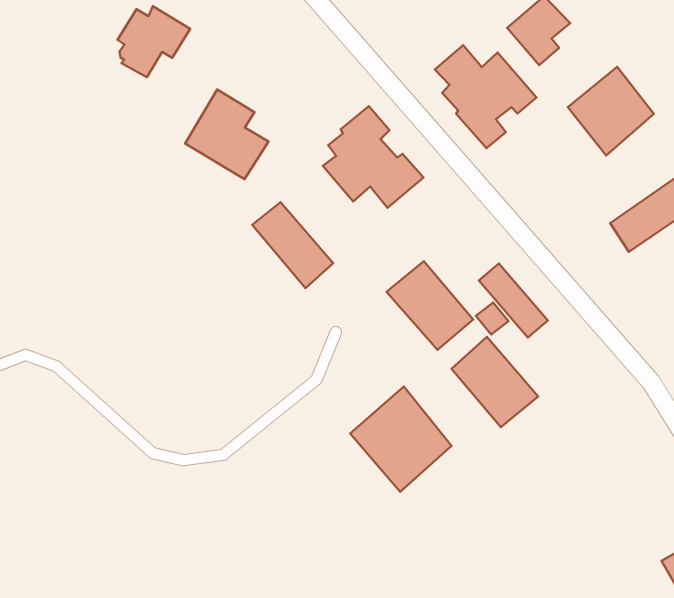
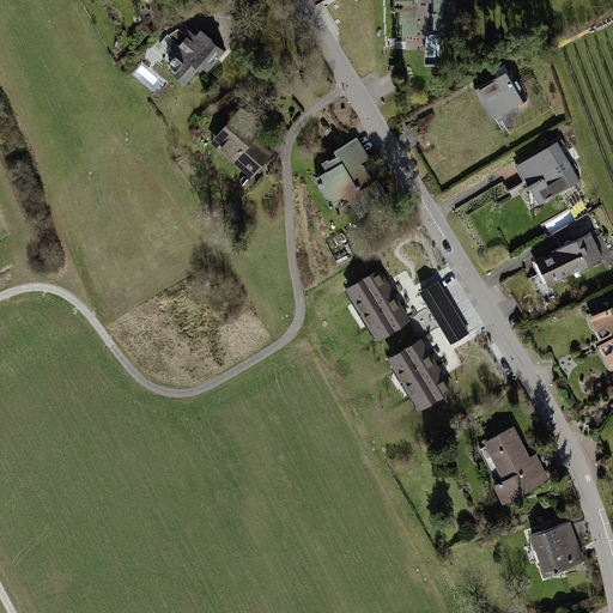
building: [435,45,537,148] -> none
building: [252,202,333,288] -> none
building: [350,387,452,492] -> none
building: none -> [477,426,541,496]

